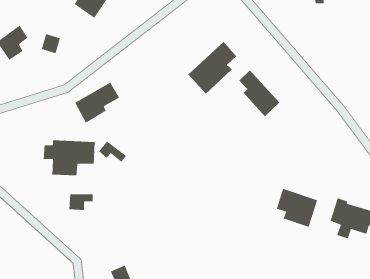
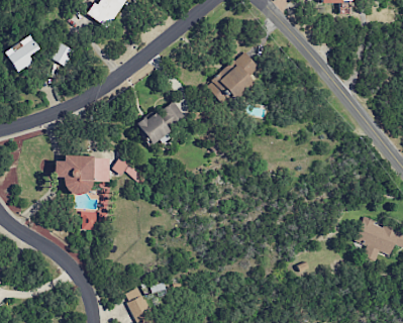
building: [238,70,280,117] -> none
building: [74,82,120,124] -> [136,101,185,145]
building: [276,188,318,228] -> none

